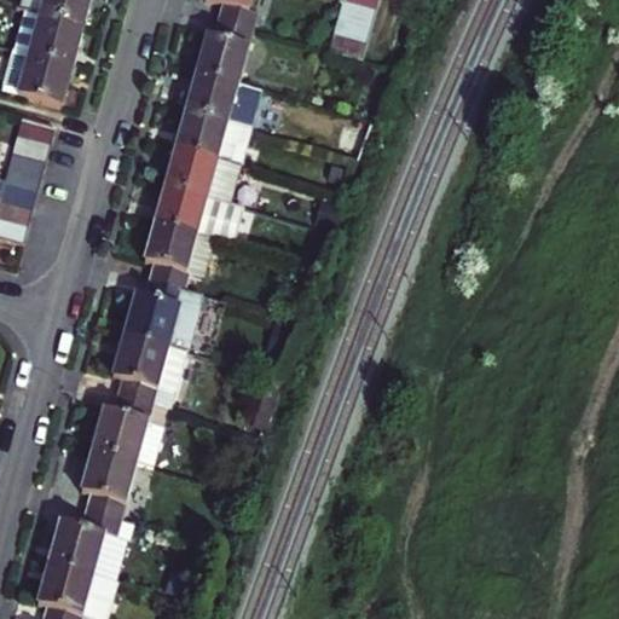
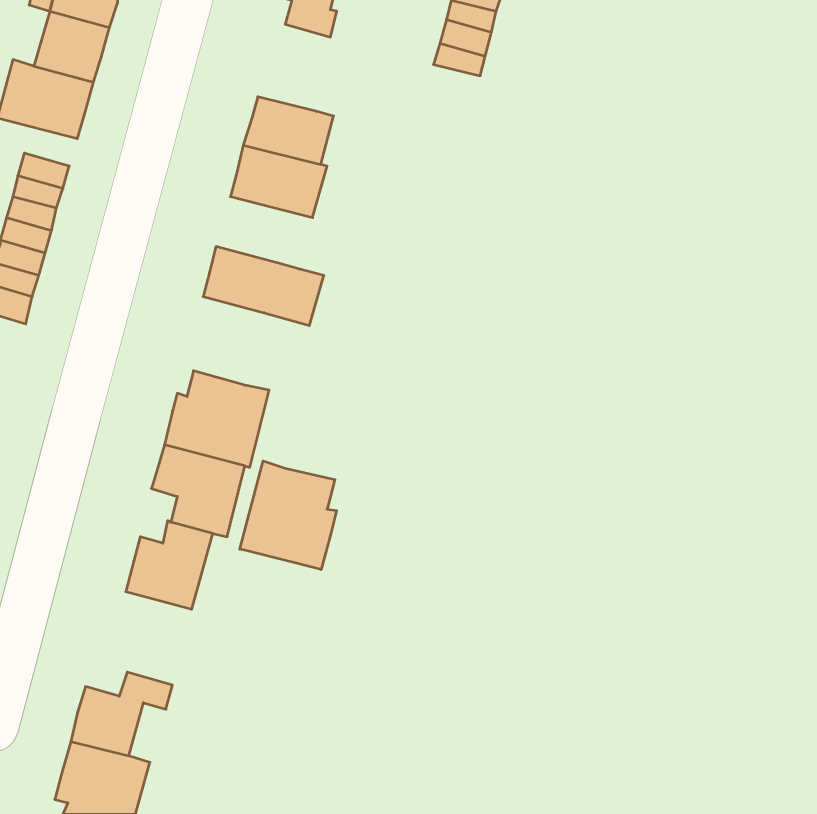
building: [193,18,248,83] -> none
building: [162,147,235,202] -> none
building: [143,222,198,289] -> none
building: none -> [240,461,337,570]
building: [82,444,144,514] -> none

